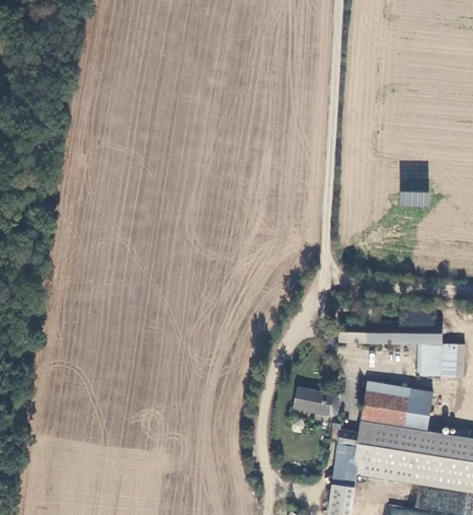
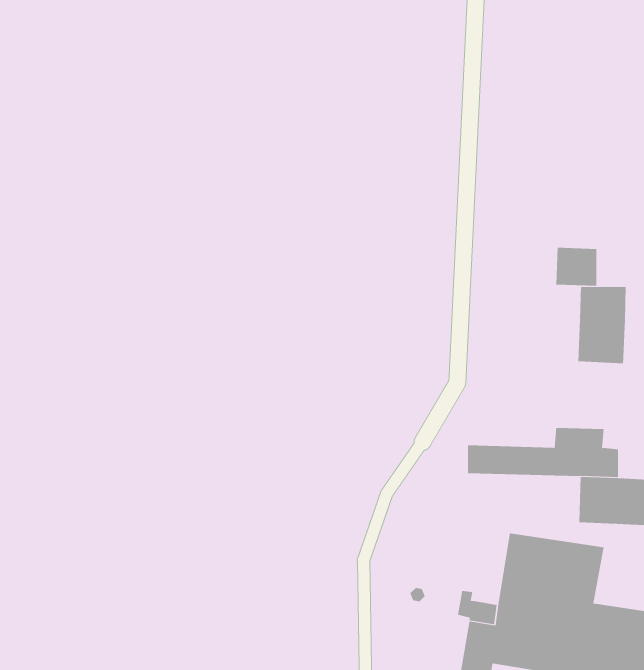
building: none -> [578,286,626,364]
building: [293,388,337,417] -> none

